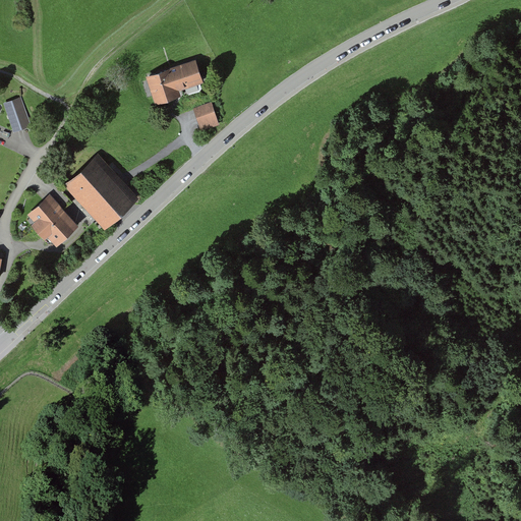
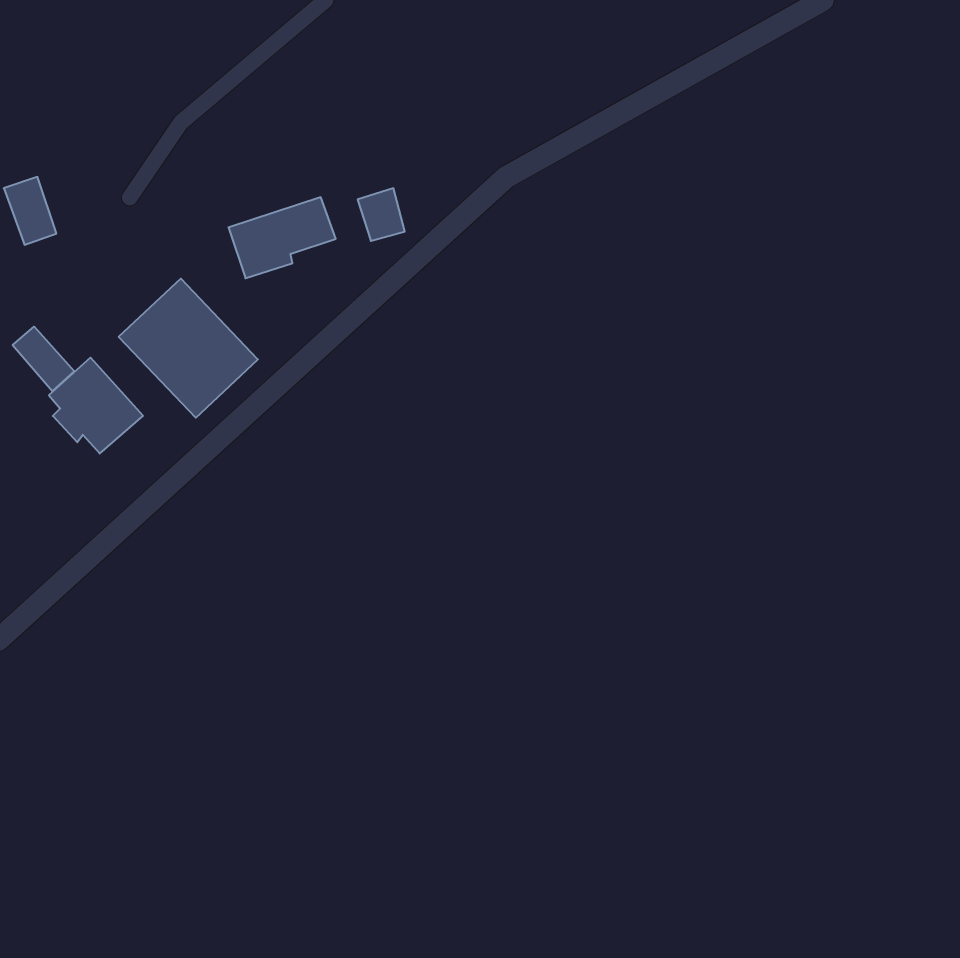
building: [146,61,204,105] -> [228,197,336,278]
building: none -> [13,327,74,391]

